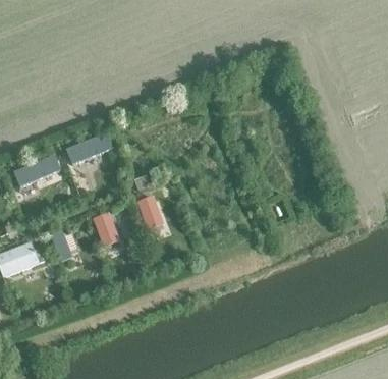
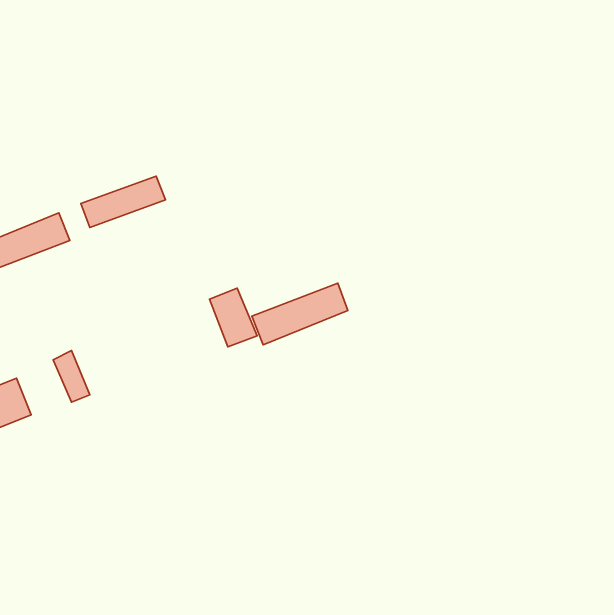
building: none -> [252,283,348,345]
building: [92,211,118,245] -> none

